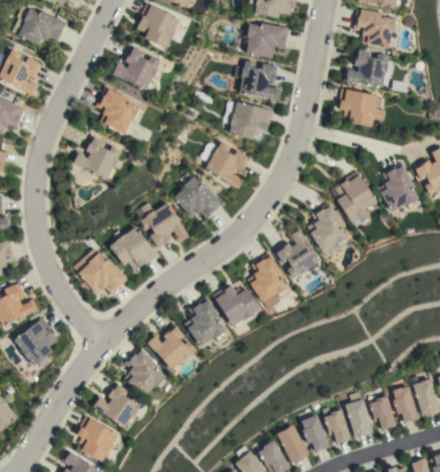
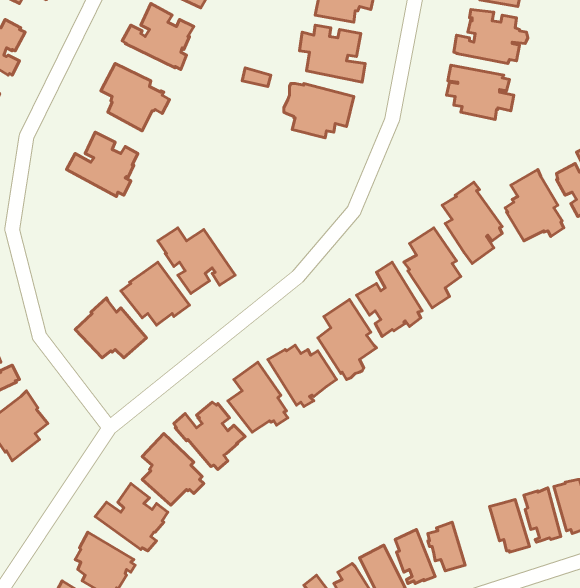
building: [201,141,250,189] -> none
building: [173,176,223,218] -> none
building: [345,392,373,437] -> none

